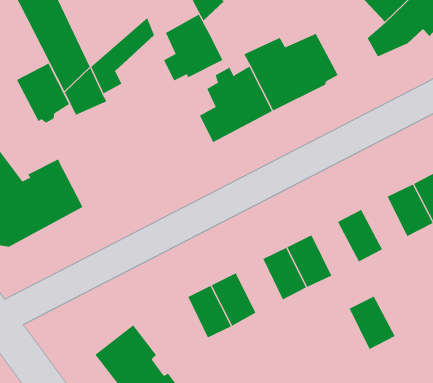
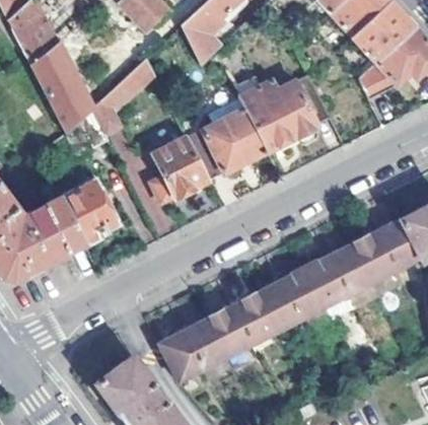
building: [163,14,223,81] -> [151,135,209,200]
building: [16,63,70,123] -> [62,182,114,239]
building: none -> [352,231,396,282]
building: none -> [231,291,276,343]
building: [349,296,395,350] -> [304,256,349,307]
building: none -> [157,328,204,380]

